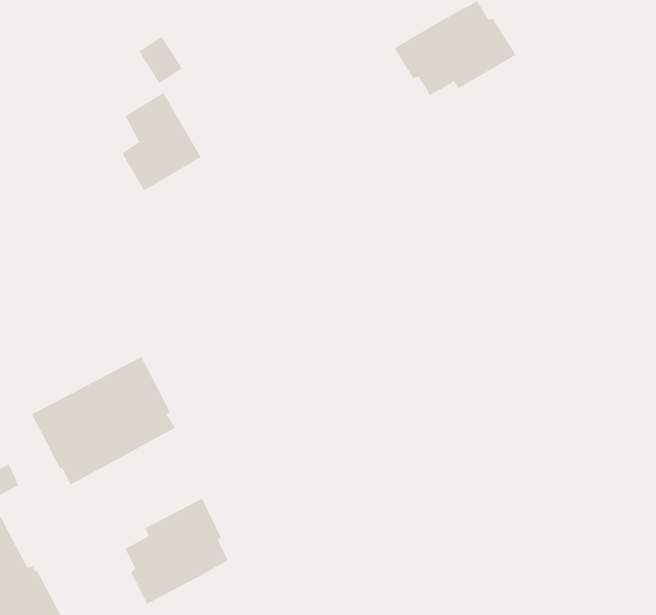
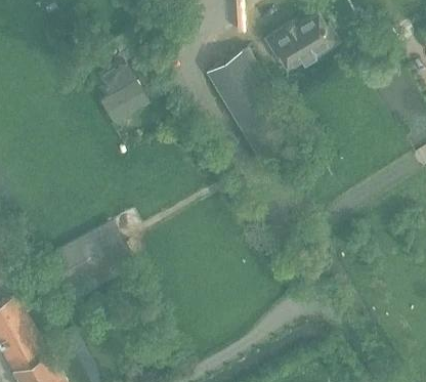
building: none -> [208,47,295,161]
building: [125,498,228,604] -> none

